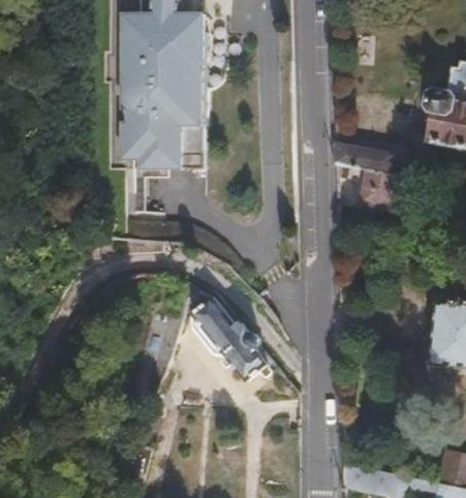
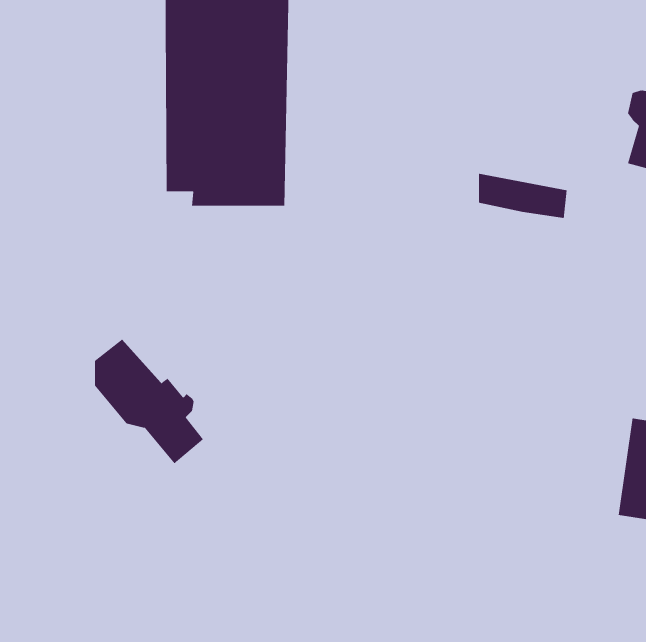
building: [353,168,394,210] -> none
building: [190,297,262,379] -> [94,339,204,464]

